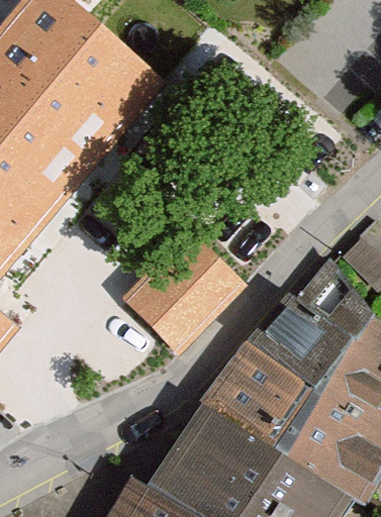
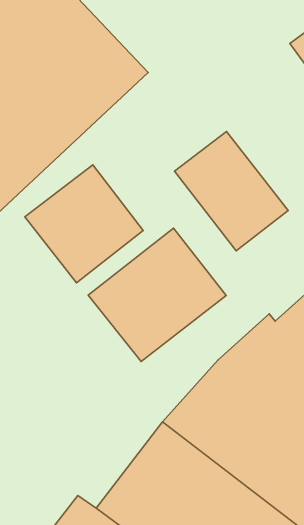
building: none -> [175,132,288,251]
building: none -> [25,165,143,283]

